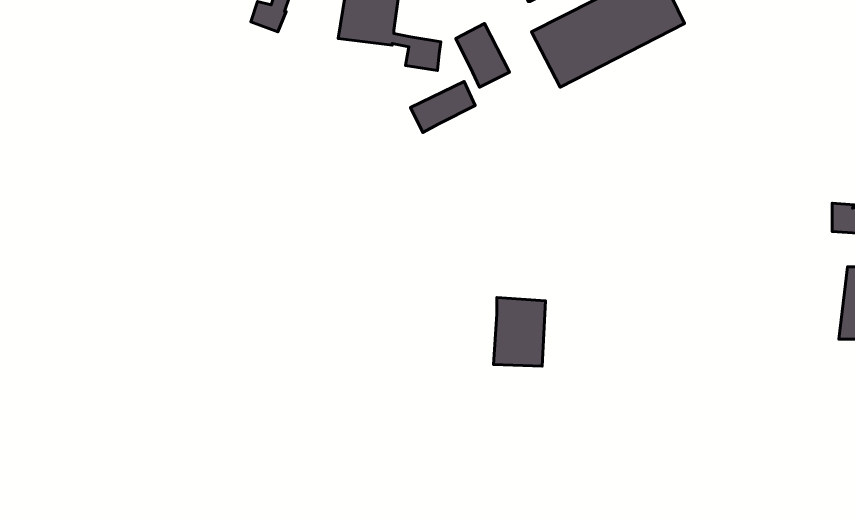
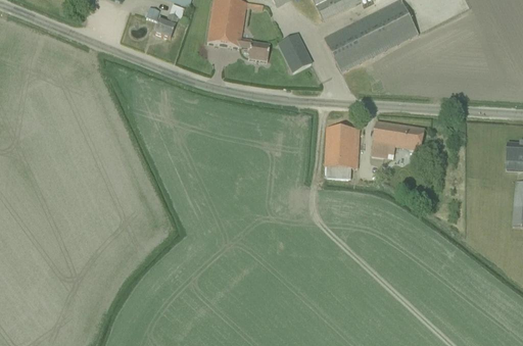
building: [410,81,475,133] -> none
building: none -> [371,121,425,157]
building: [494,297,546,366] -> [325,126,356,167]

